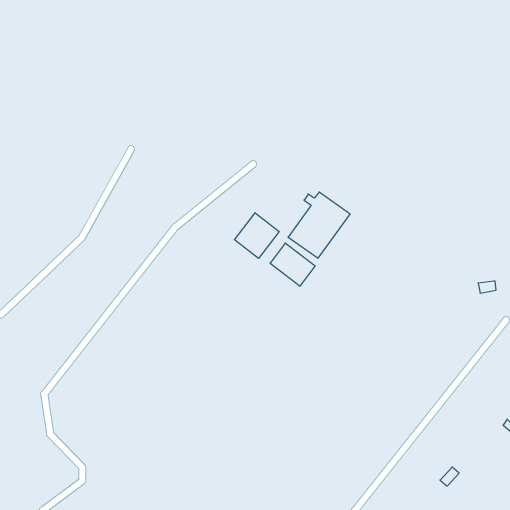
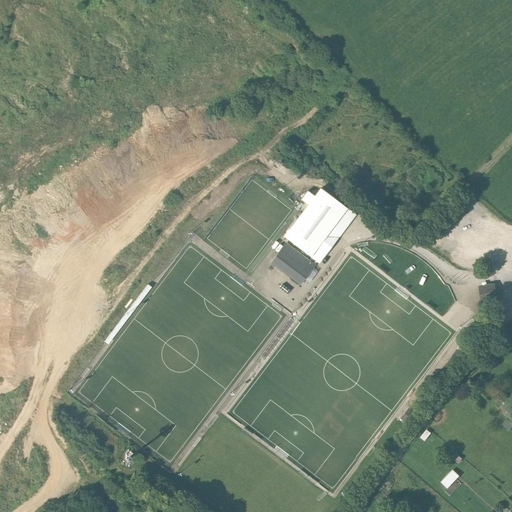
building: [234,213,279,258] -> none

